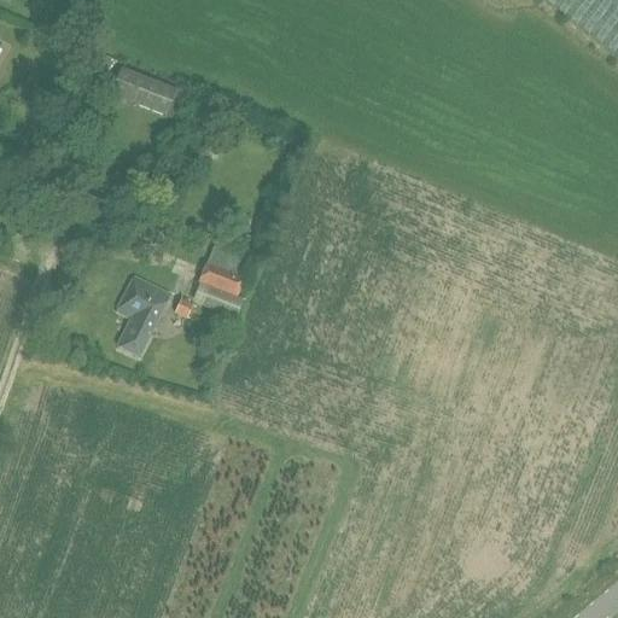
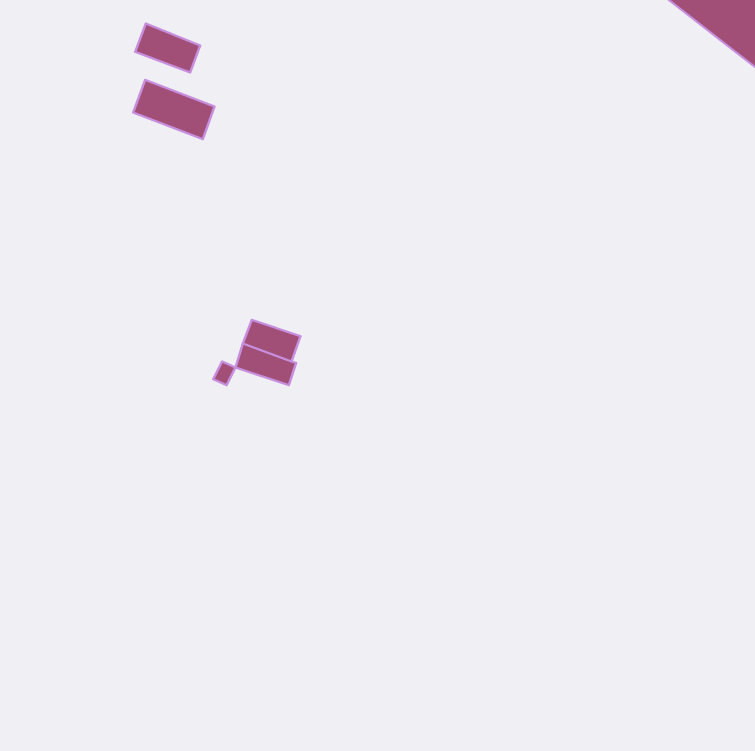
building: none -> [135,24,200,72]
building: [118,273,173,354] -> none

